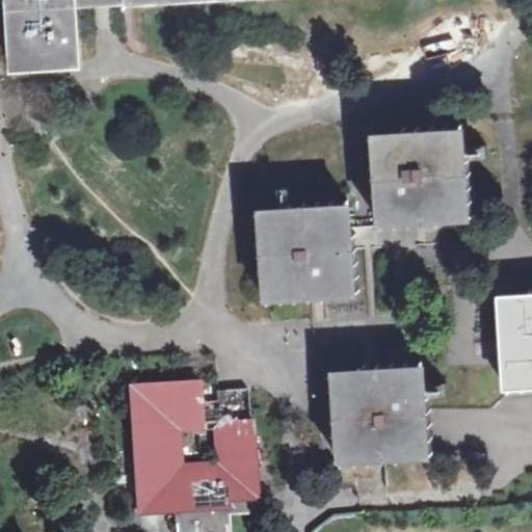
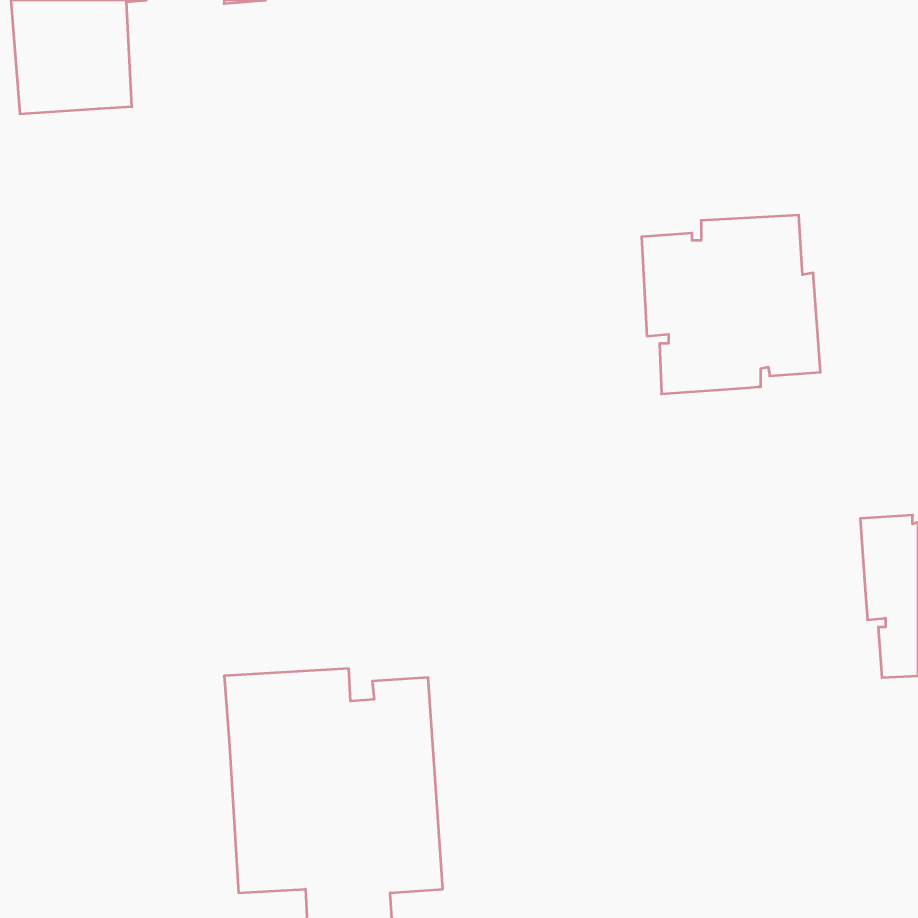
building: [255,203,357,305] -> none
building: [328,364,432,468] -> none

